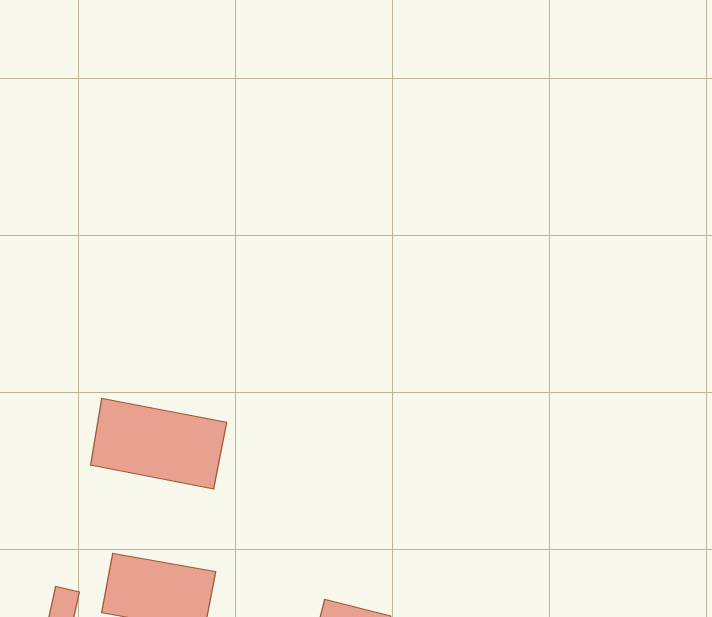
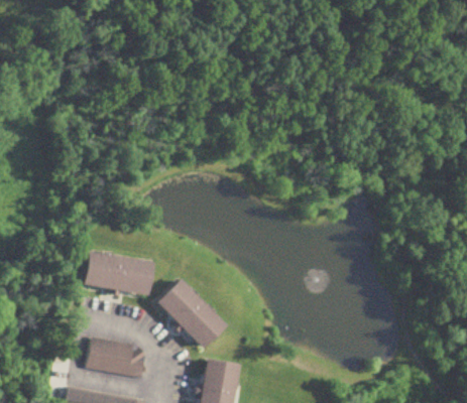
building: none -> [152,276,228,350]

